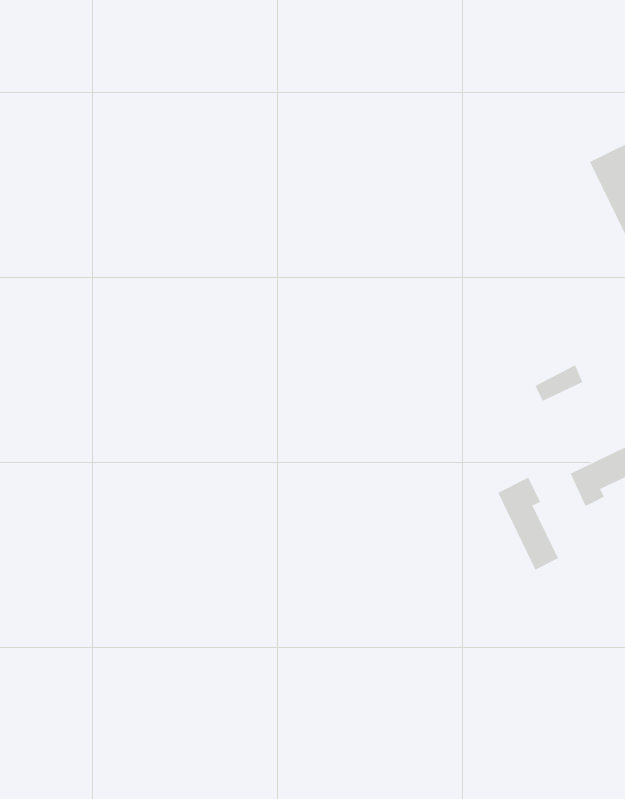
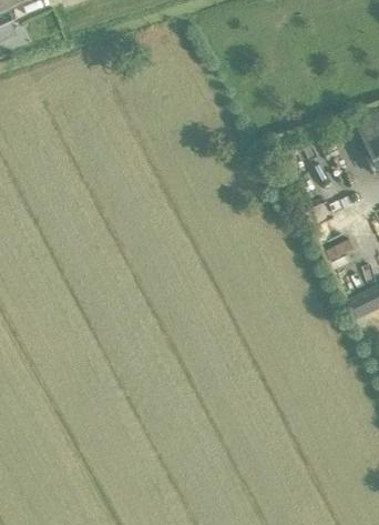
building: [497,477,559,571] -> none

